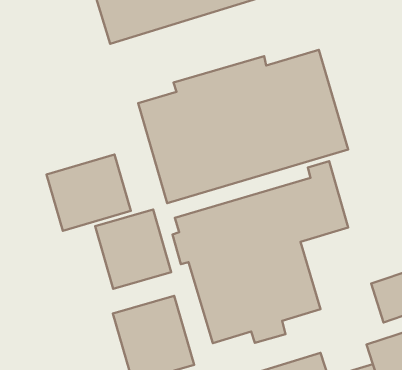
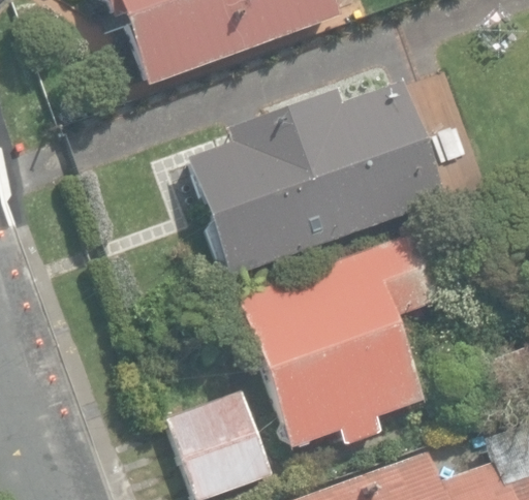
building: [47,155,131,231] -> none
building: [95,210,171,289] -> none

